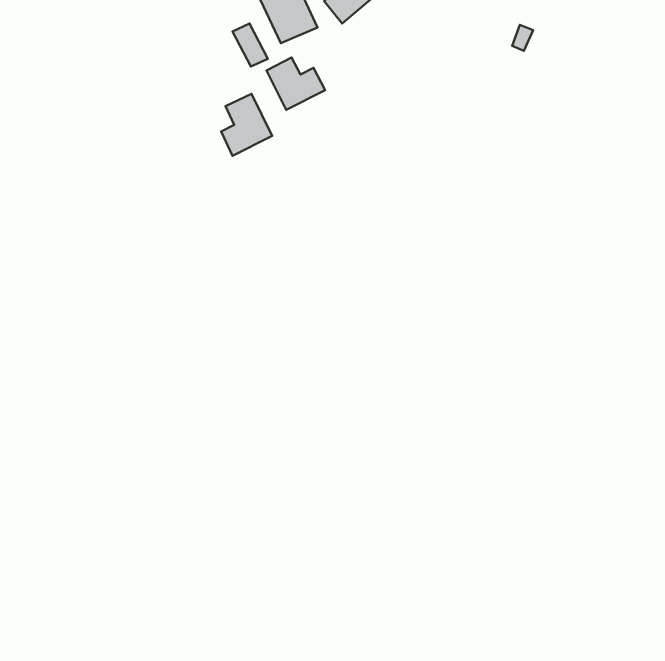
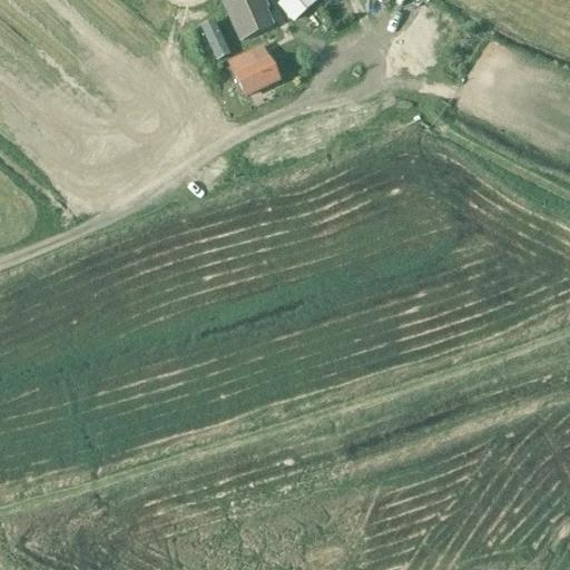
building: [221,94,272,156] -> none

